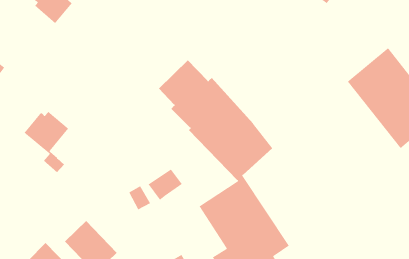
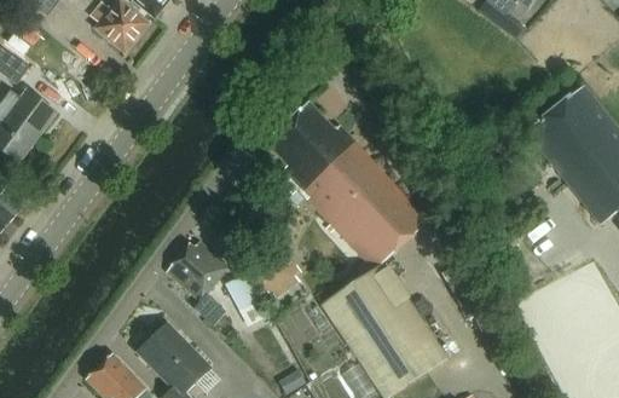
building: [23,111,69,173] -> [166,241,228,327]

